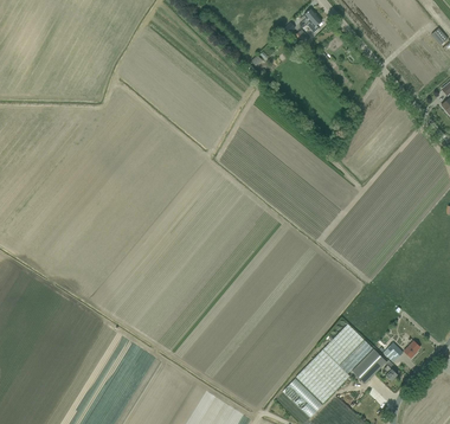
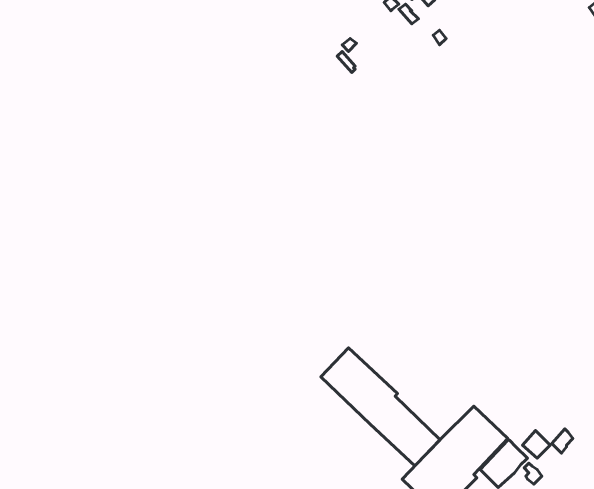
building: none -> [321,348,440,466]

